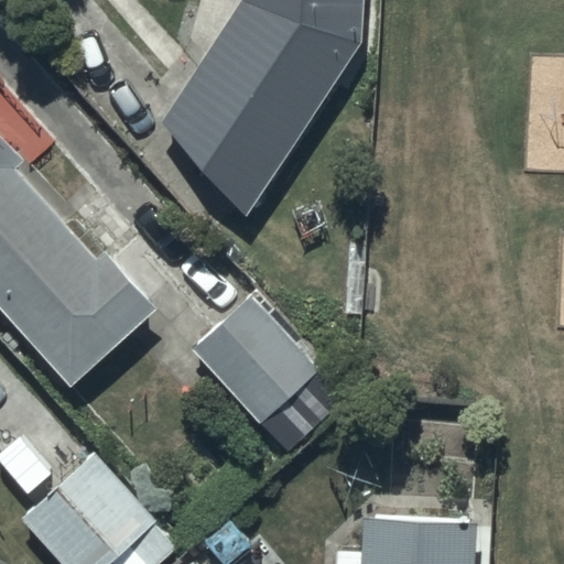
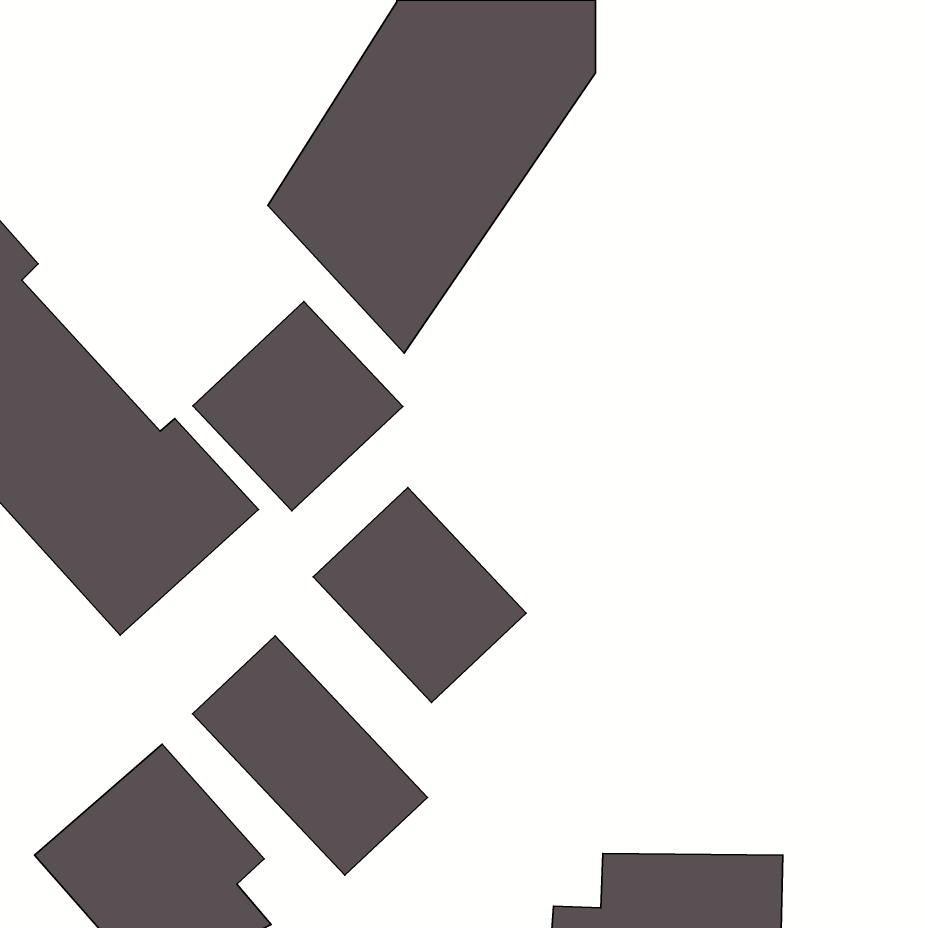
building: none -> [193,302,403,511]
building: none -> [193,636,428,875]

